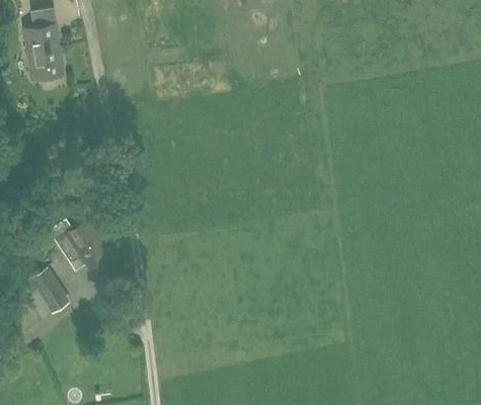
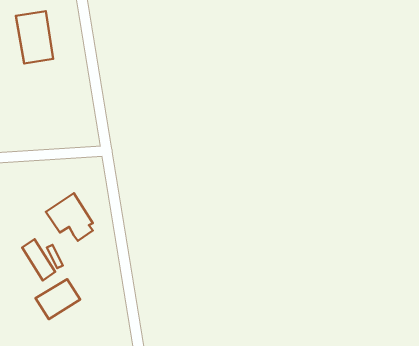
building: none -> [36,279,80,319]

